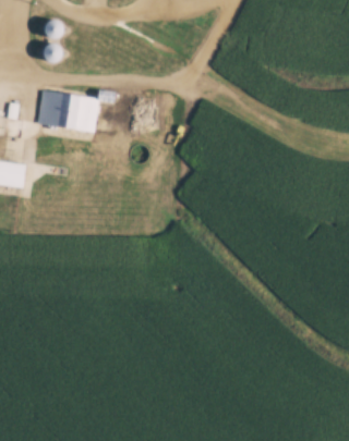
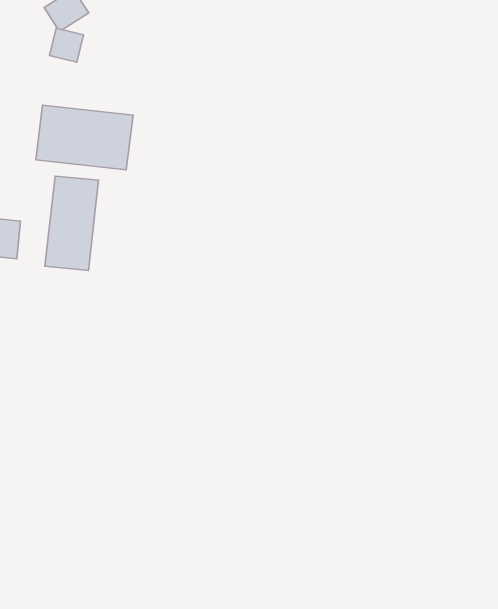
building: none -> [45,176,99,271]

